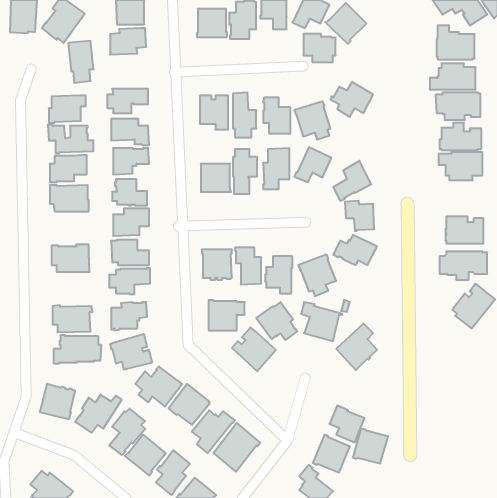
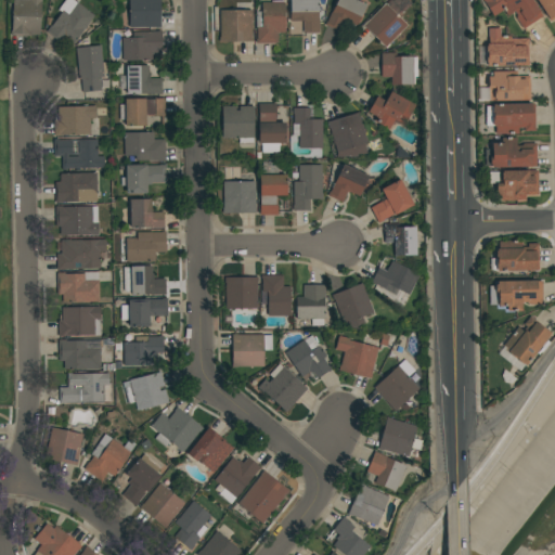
building: [303,34,336,62] -> [383,53,418,85]
building: none -> [120,65,163,94]
building: none -> [57,240,107,271]
building: none -> [60,307,102,337]
building: [353,429,388,464] -> [379,417,418,456]

